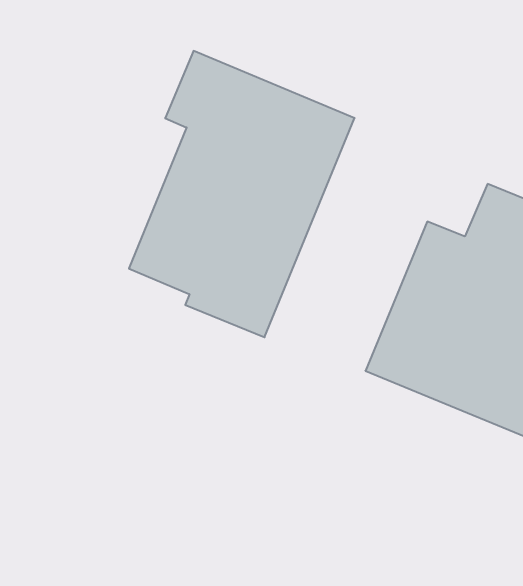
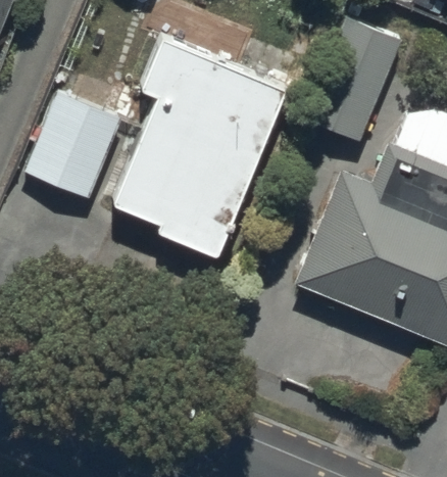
building: none -> [308,19,400,141]
building: none -> [24,91,120,196]

